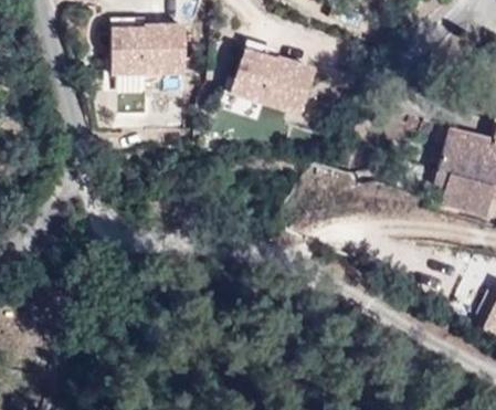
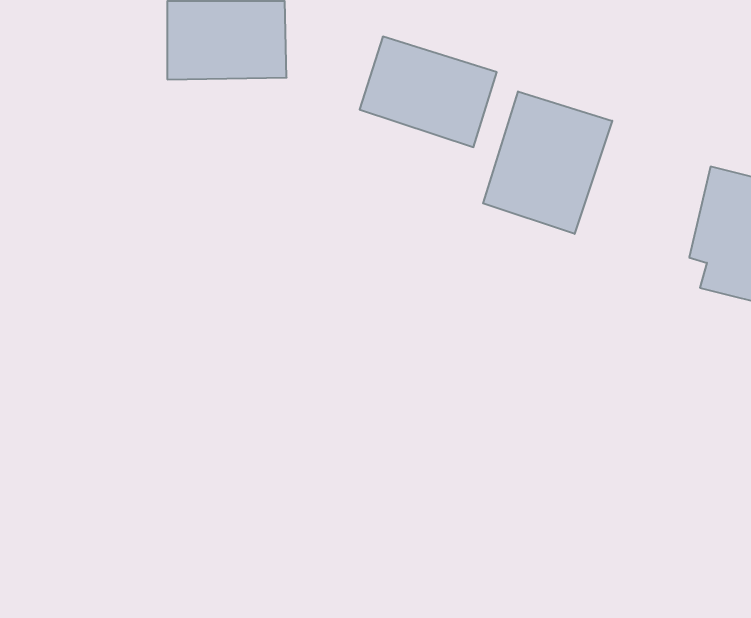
building: none -> [483,91,612,234]

